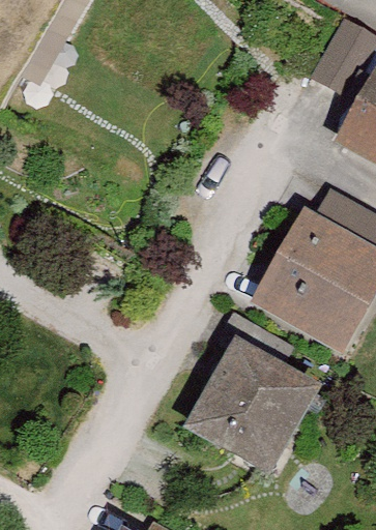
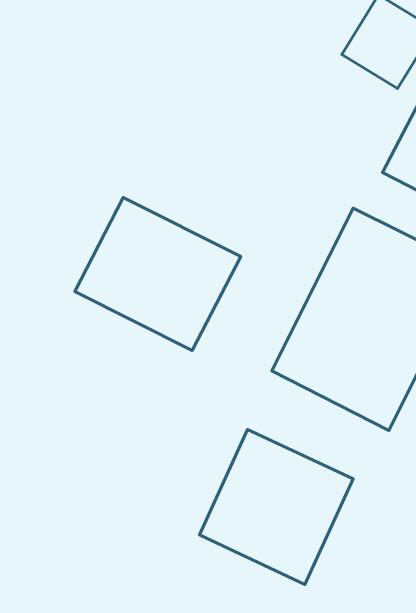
building: none -> [75,198,241,350]

